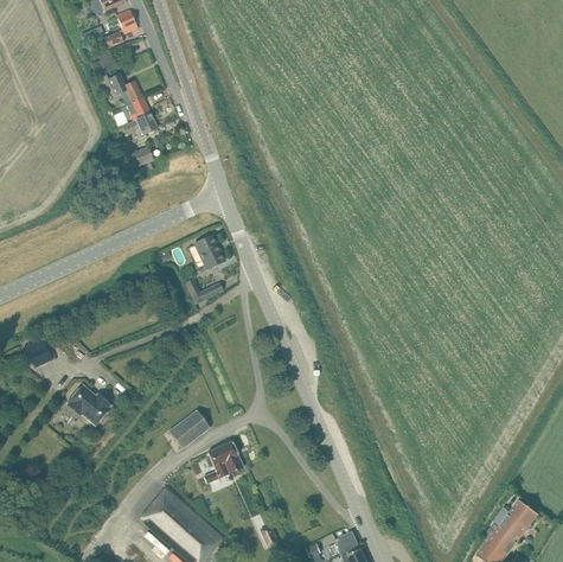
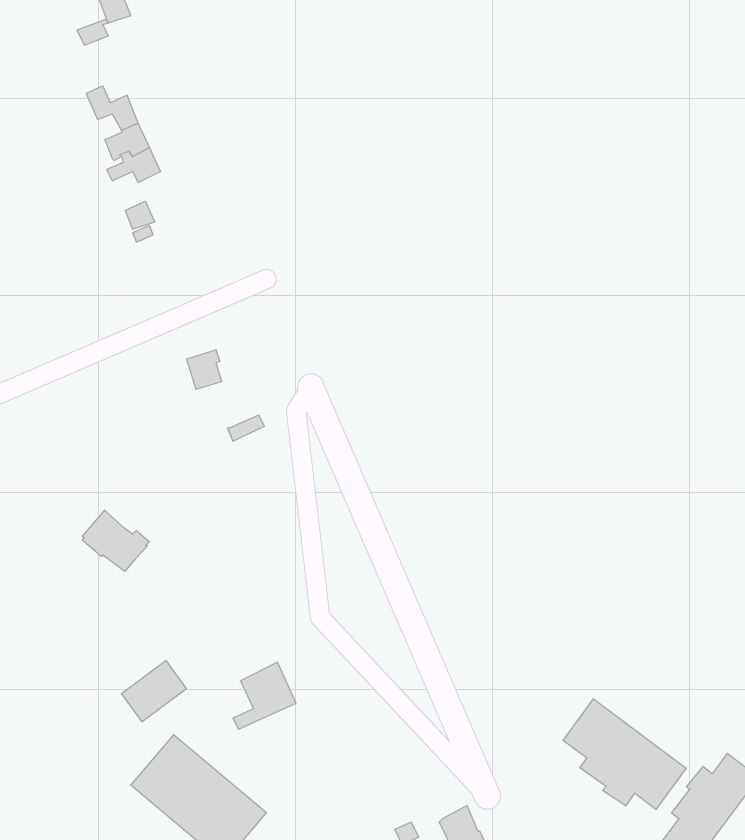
building: [194,235,224,269] -> none
building: [68,385,110,424] -> [82,510,149,571]
building: [168,410,210,449] -> [121,660,187,722]
building: none -> [563,699,686,810]

